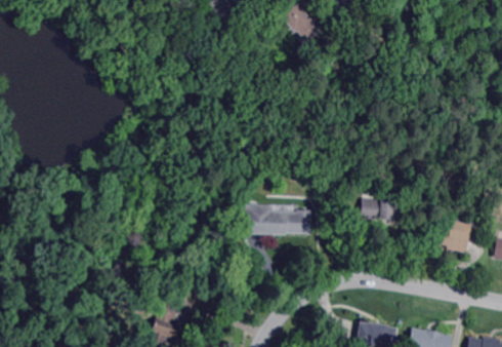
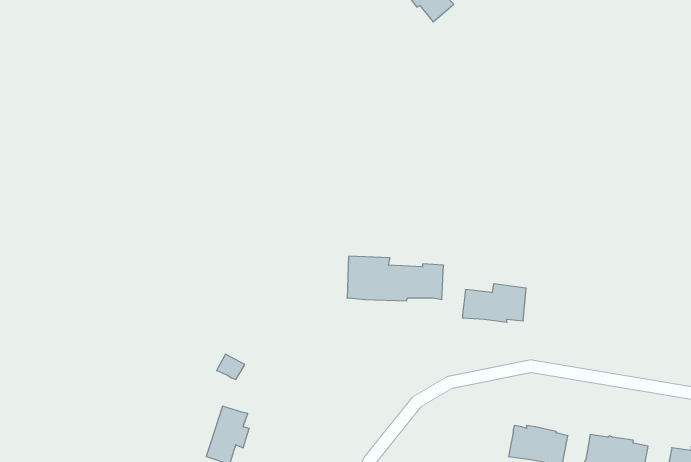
building: [361,194,405,221] -> [462,284,526,322]
building: [443,219,471,253] -> none

